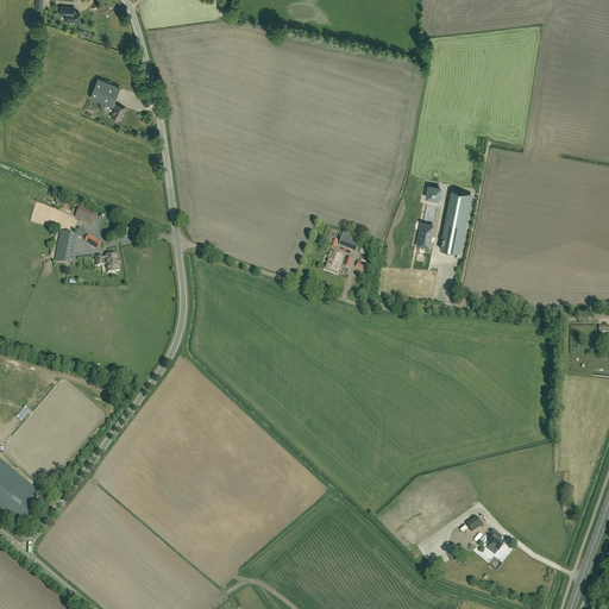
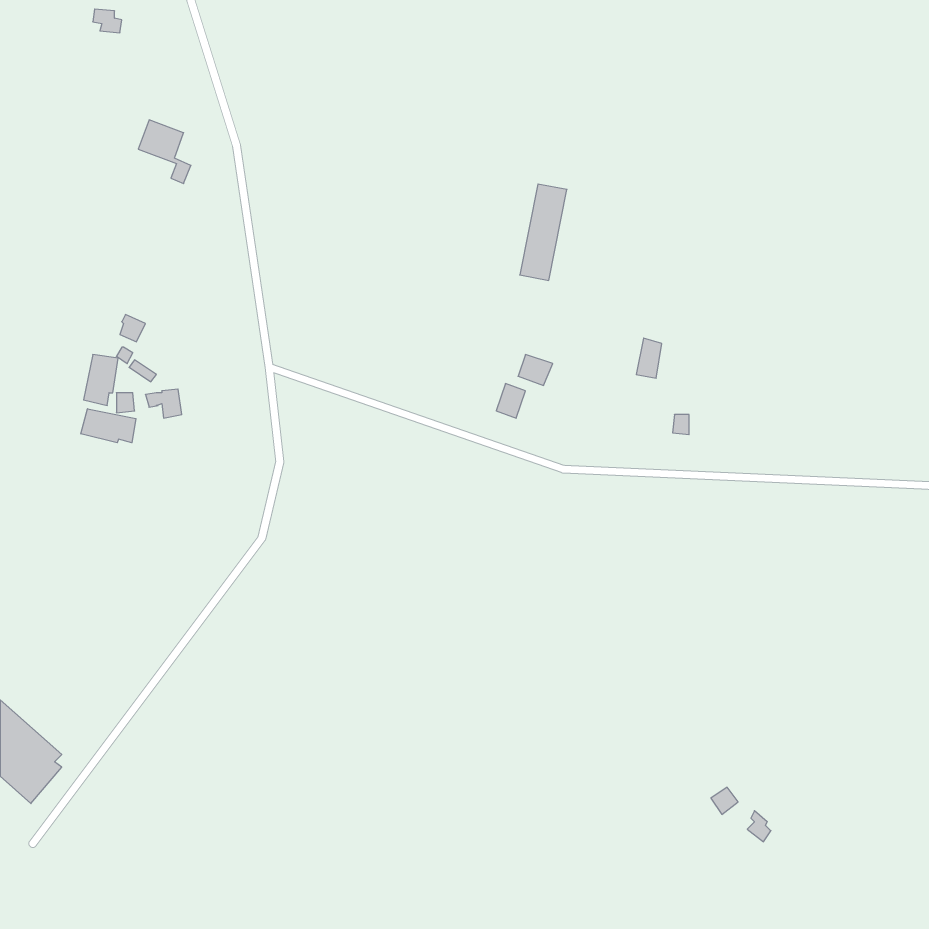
building: [440,189,471,252] -> [520,184,567,280]
building: none -> [81,409,136,443]

